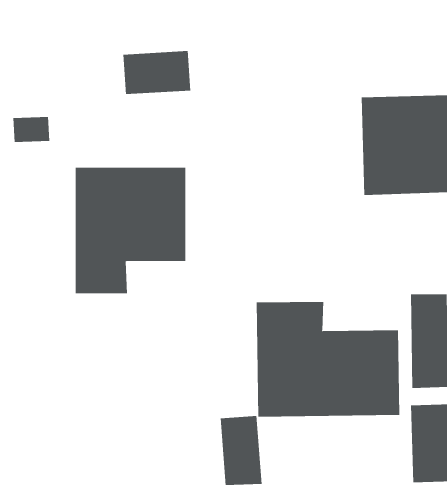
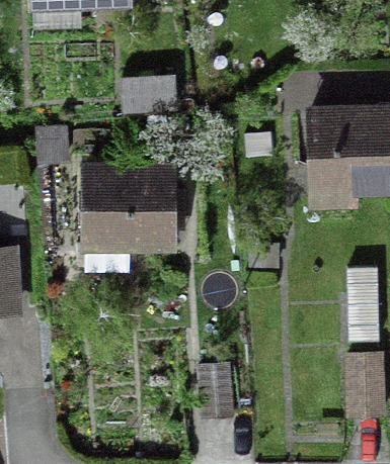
building: [256,301,400,417] -> none

